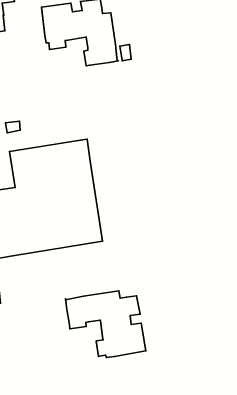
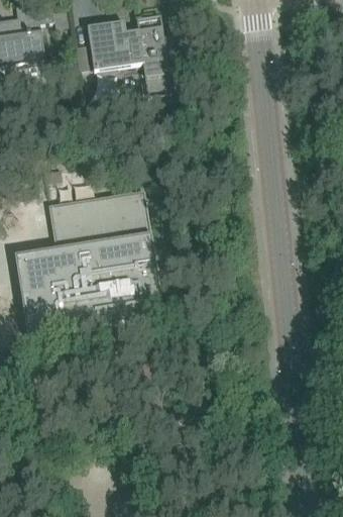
building: [65,291,146,357] -> none

